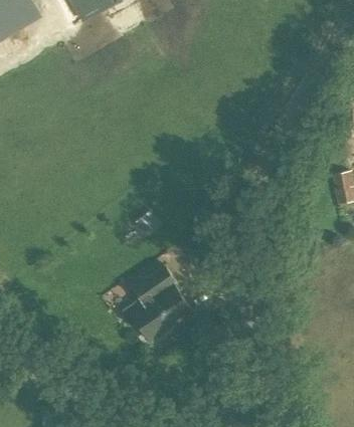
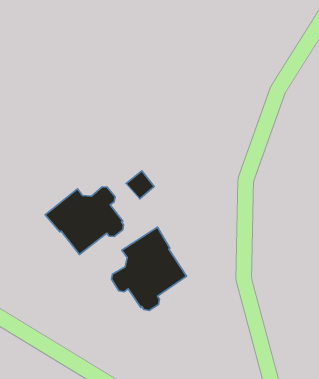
building: none -> [45,187,124,254]

